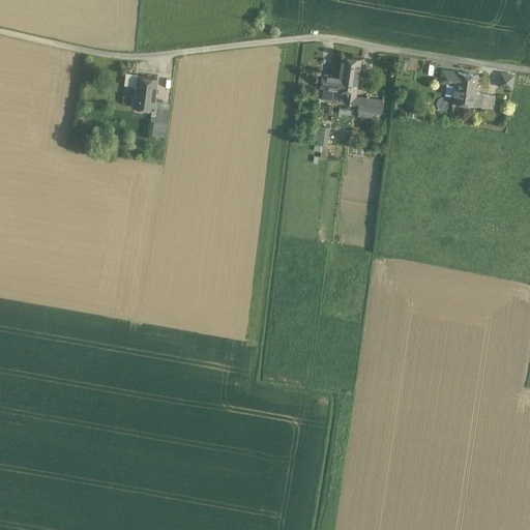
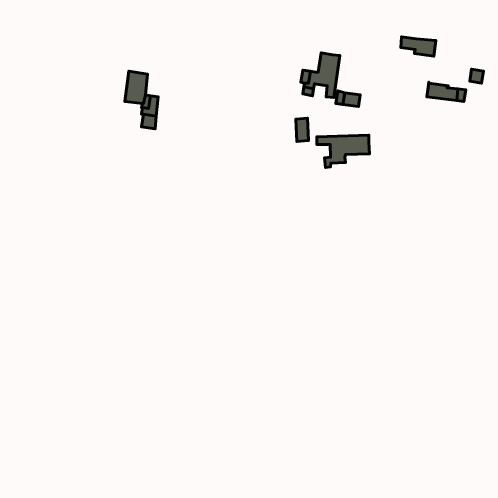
building: [440,71,477,92] -> [401,37,436,56]
building: none -> [317,135,370,168]

